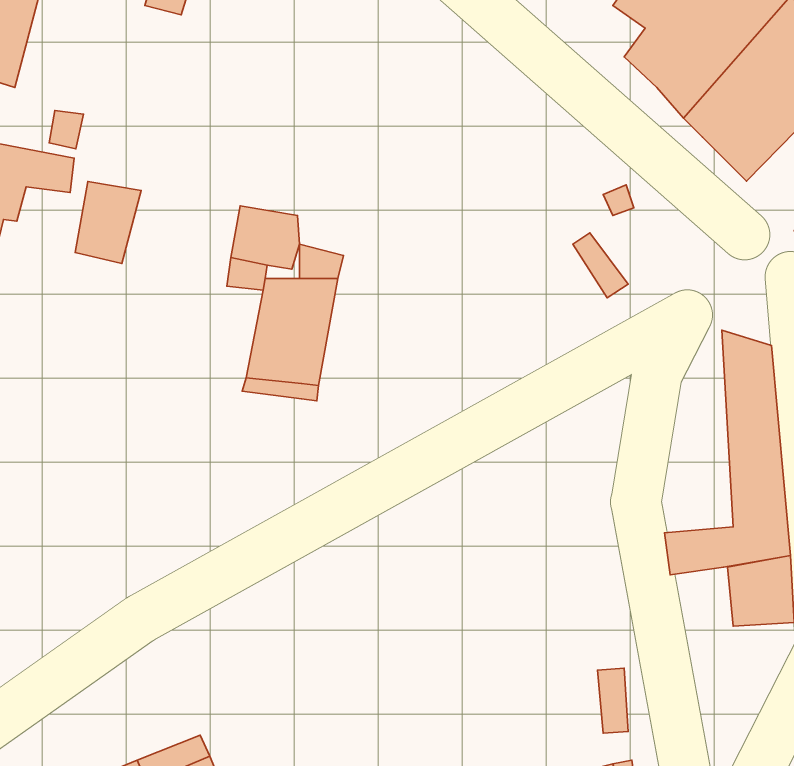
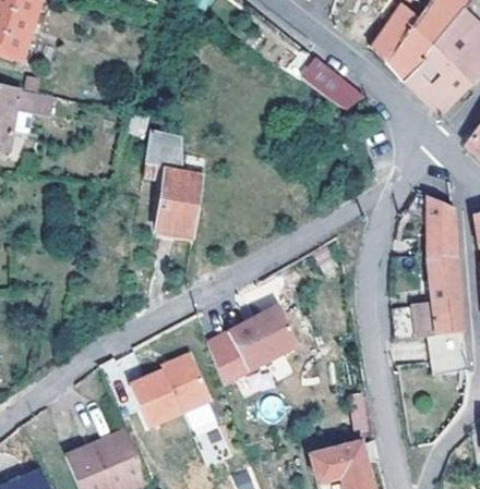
building: none -> [298,56,363,109]
building: [75,181,141,263] -> none
building: none -> [208,308,303,380]
building: none -> [130,352,212,425]

